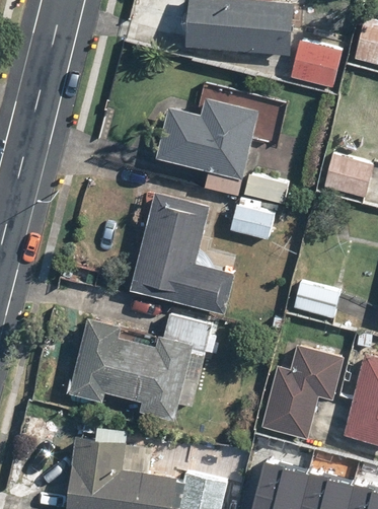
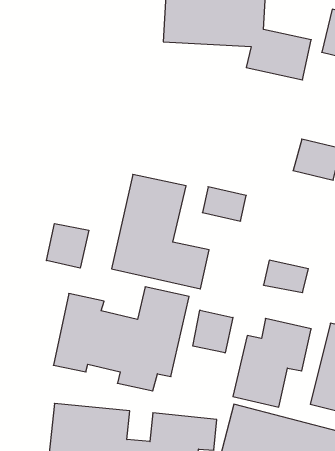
building: [155,97,291,206] -> none
building: none -> [46,224,89,268]
building: none -> [193,310,233,353]

